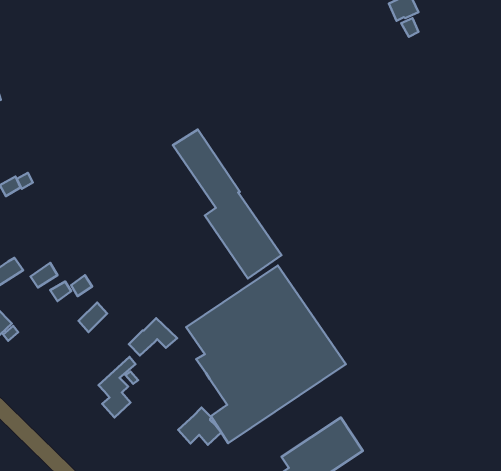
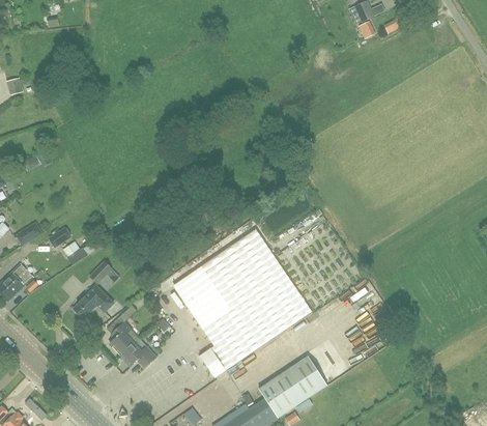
building: [173,129,282,278] -> none
building: [129,318,177,355] -> [73,286,113,317]
building: [178,408,221,445] -> [118,337,154,368]

